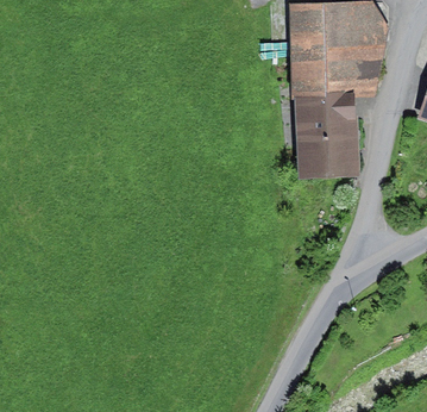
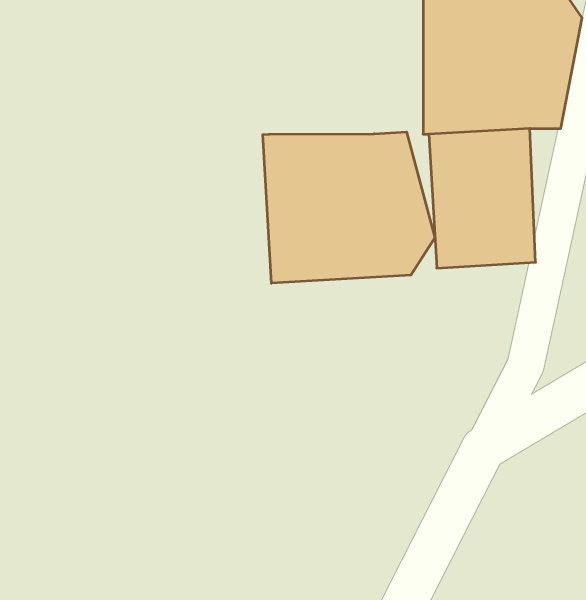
building: none -> [263,132,435,283]

